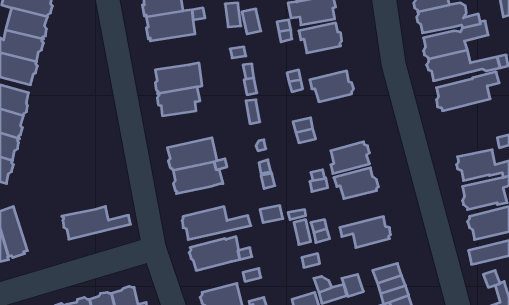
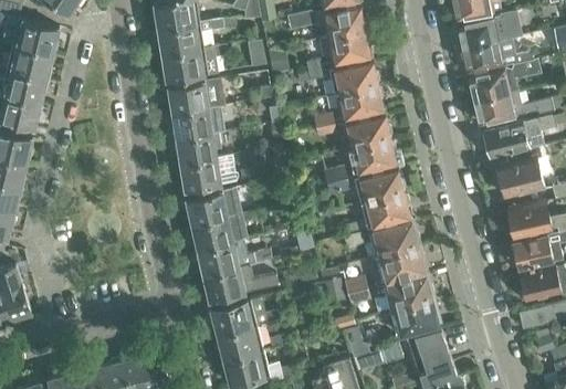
building: none -> [168,80,226,114]
building: none -> [340,87,384,120]
building: none -> [353,140,396,175]
building: none -> [179,157,238,191]
building: none -> [495,158,545,196]
building: none -> [357,169,406,203]
building: none -> [381,248,424,283]
building: [62,206,131,239] -> [196,240,272,276]
building: none -> [395,301,438,336]
building: none -> [217,326,263,360]

